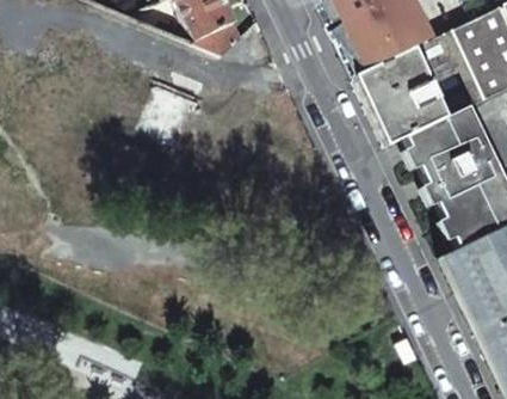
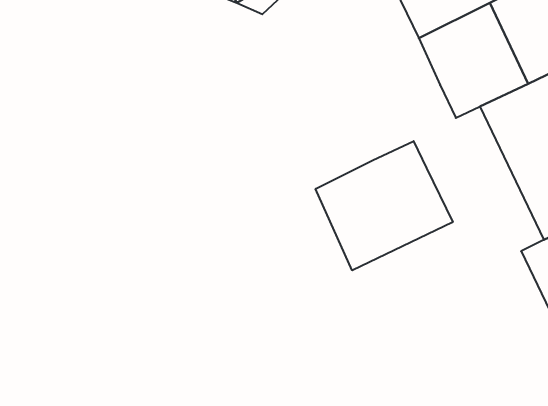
building: none -> [316,141,453,270]

